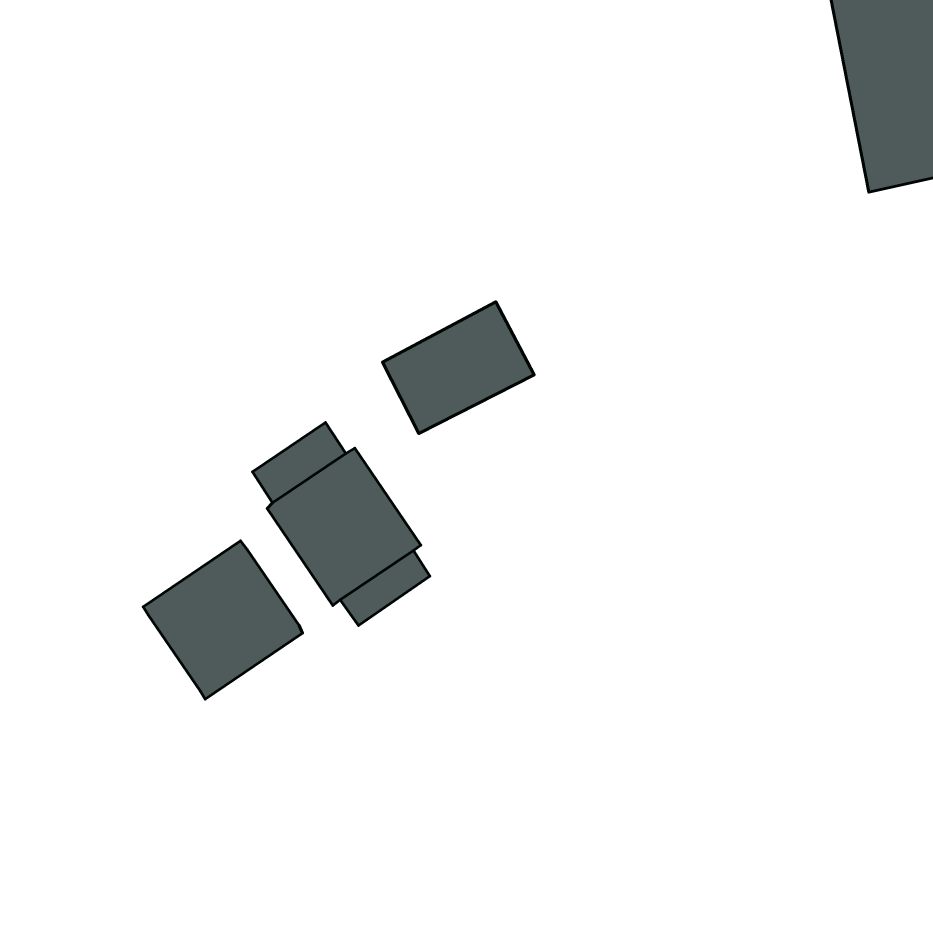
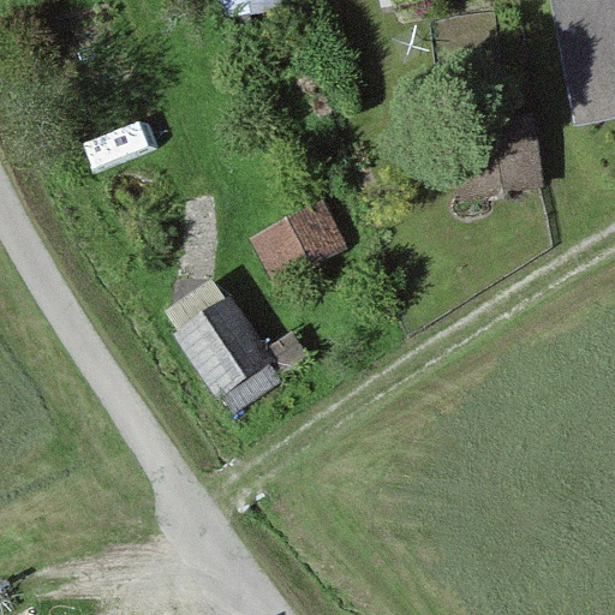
building: [143,541,302,699] -> none

